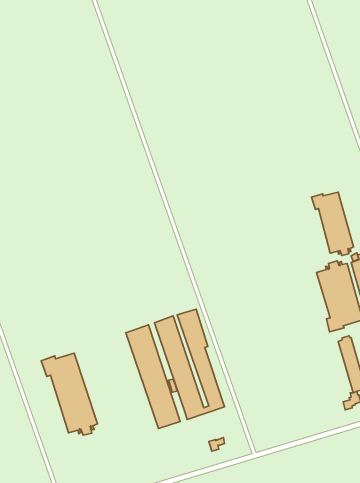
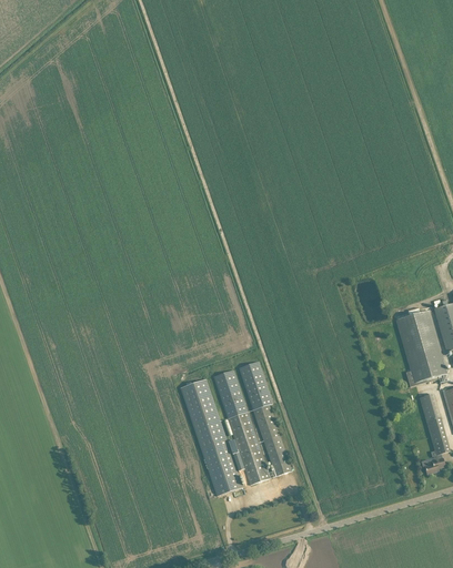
building: [312,192,354,255] -> none
building: [41,353,97,435] -> none

